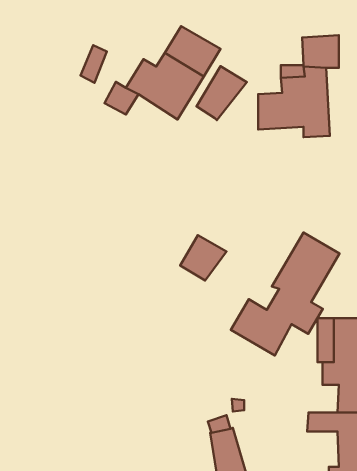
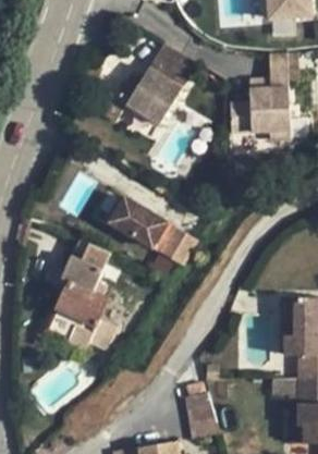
building: [197,66,247,120] -> none
building: none -> [102,188,170,247]
building: [231,232,340,355] -> none
building: none -> [46,241,117,347]

